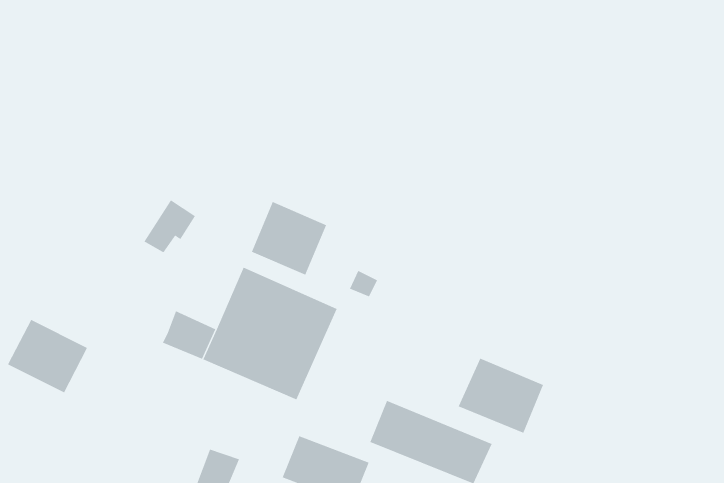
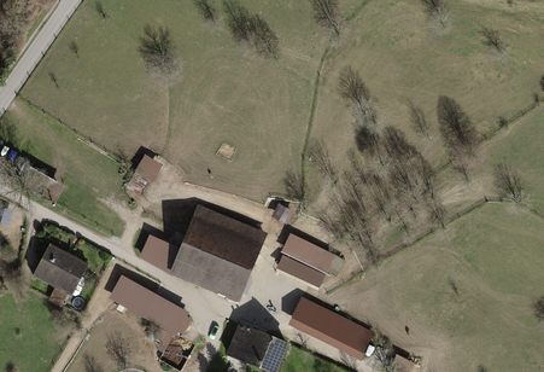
building: [251,201,327,276] -> none
building: [458,358,544,434] -> [274,234,335,289]
building: none -> [117,279,188,332]

